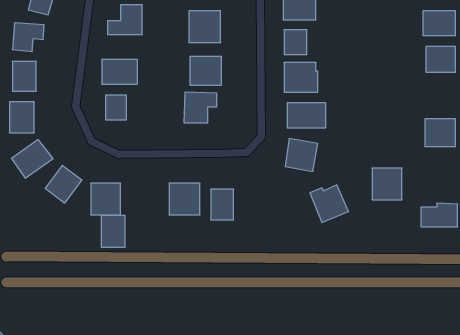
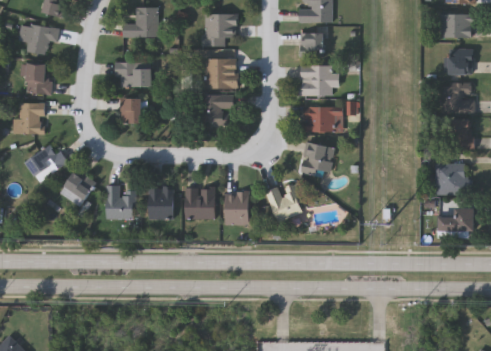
building: none -> [442,83,473,111]
building: [372,168,402,200] -> [435,163,465,195]
building: [310,185,349,223] -> [265,184,304,222]
building: [101,216,125,247] -> [149,187,173,219]

